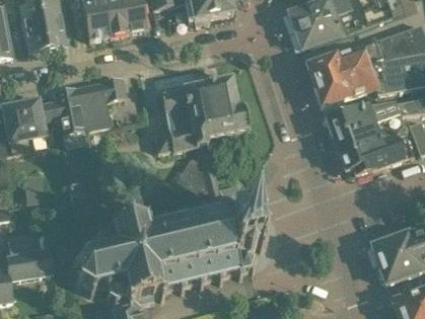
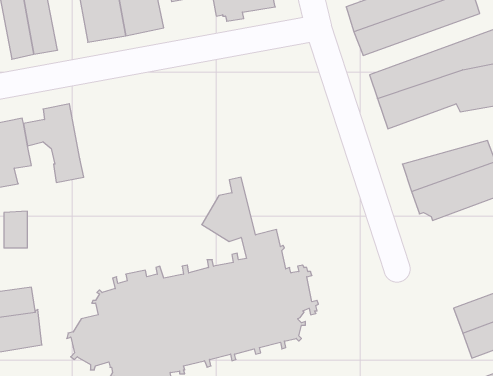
building: [74,76,126,129] -> none
building: [153,76,249,151] -> none
building: [325,101,398,133] -> none

